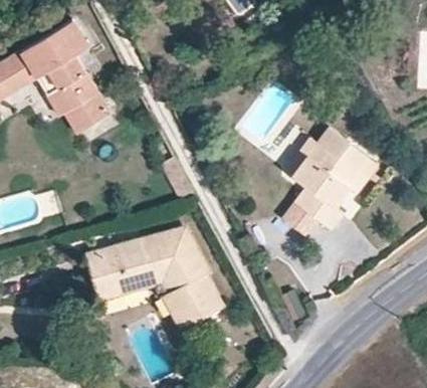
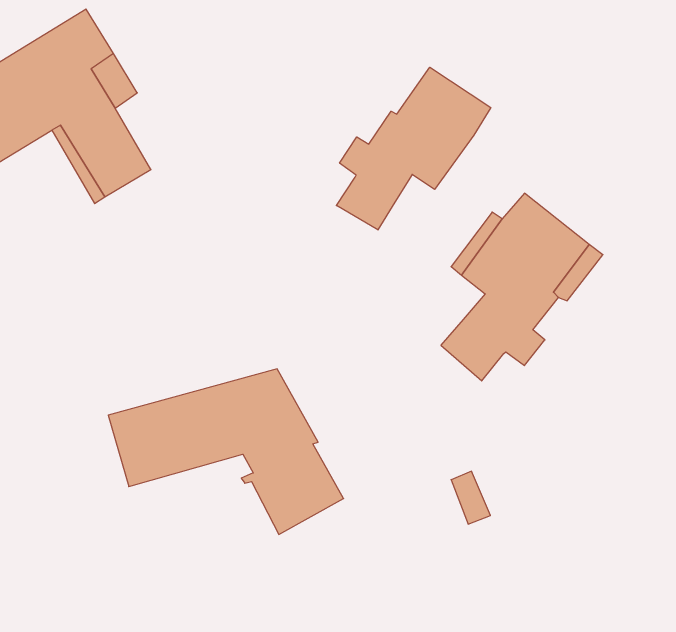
building: none -> [336,67,491,230]

